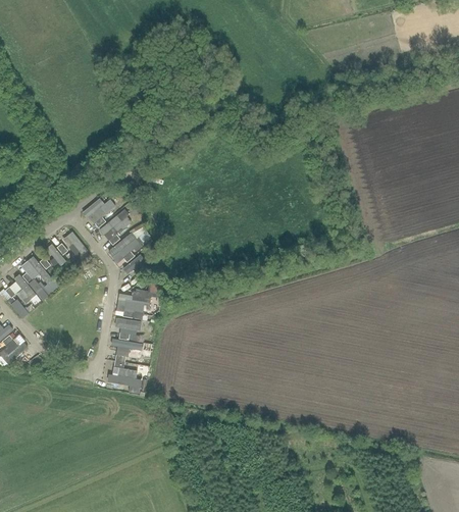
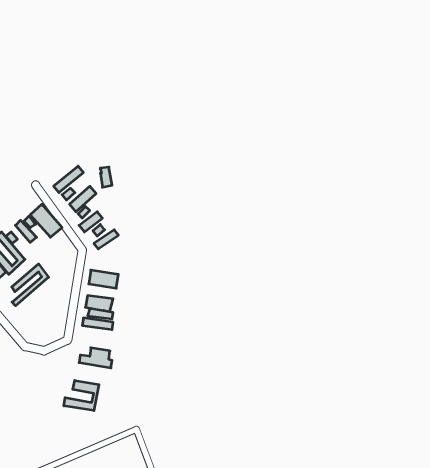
building: none -> [12,264,49,306]
building: none -> [64,380,99,411]

